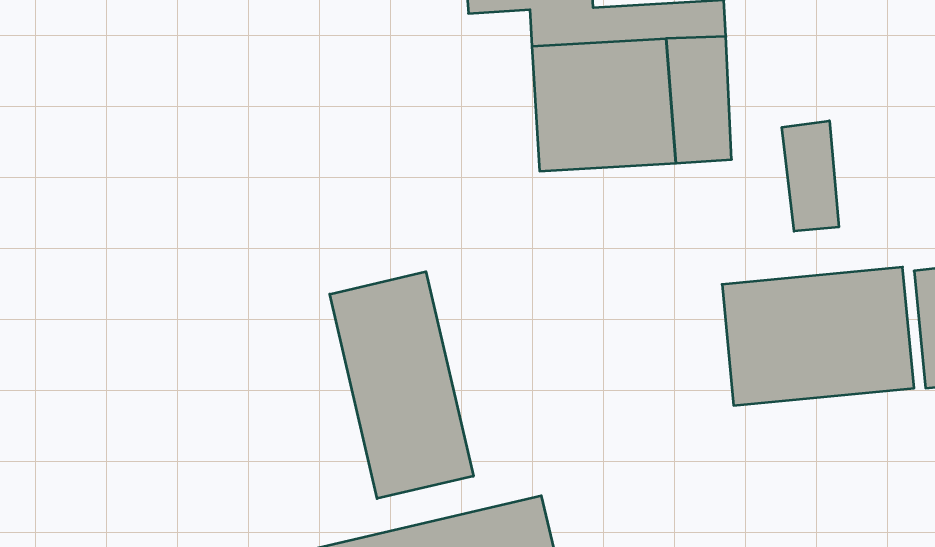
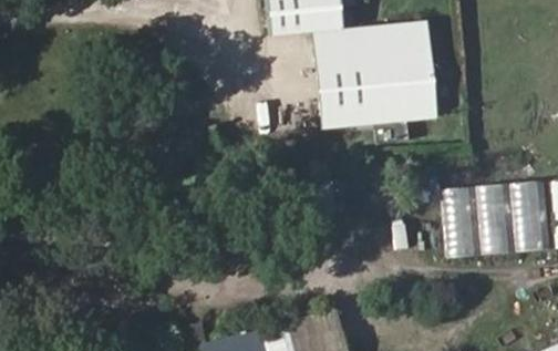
building: [782,121,839,231] -> none
building: [330,272,473,499] -> none

